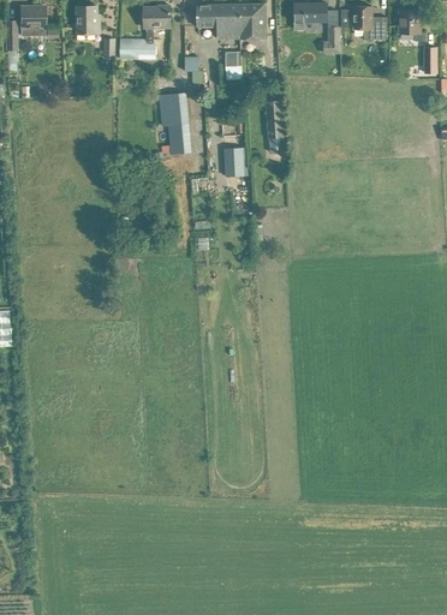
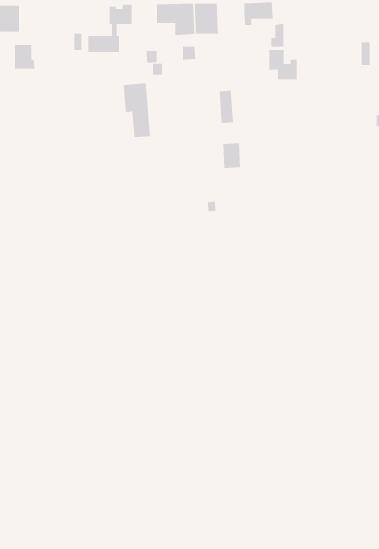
building: [76,6,100,34] -> [14,44,36,69]
building: [353,6,386,40] -> [268,50,298,80]
building: [399,10,424,41] -> none
building: [224,148,244,177] -> [223,143,241,169]

